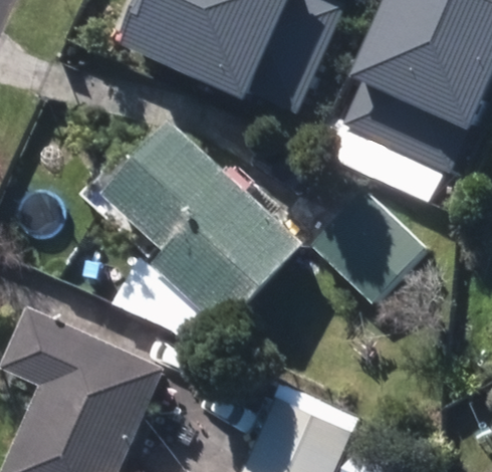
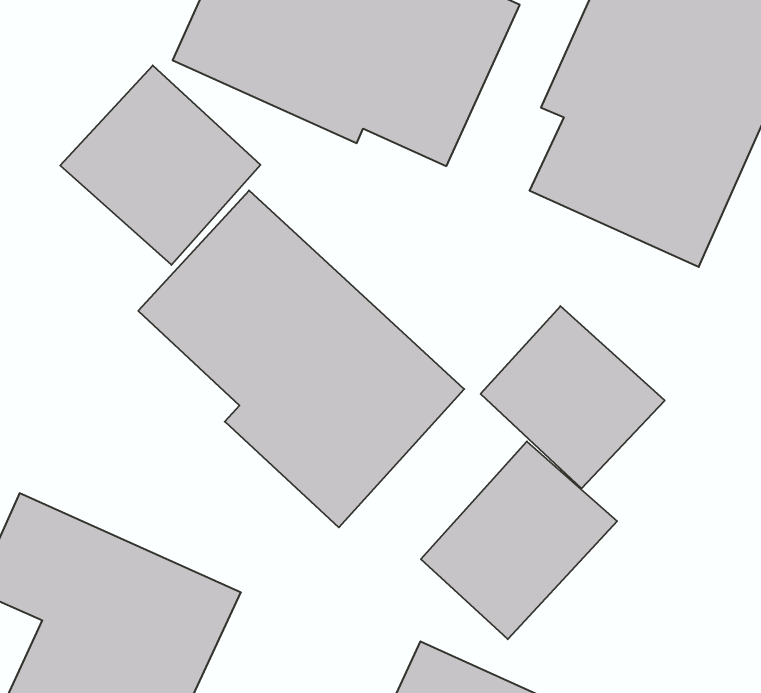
building: none -> [60,65,260,265]
building: none -> [421,441,617,639]

